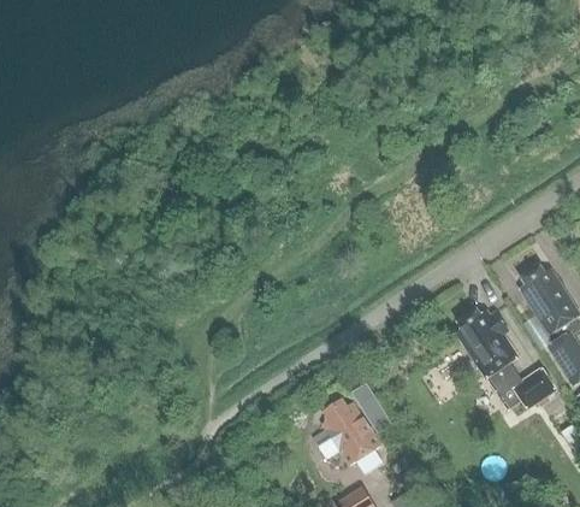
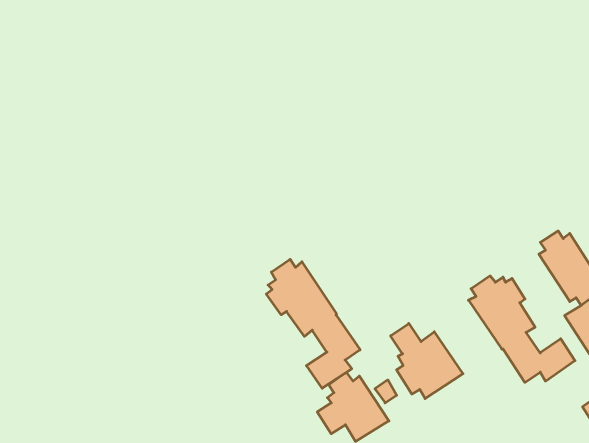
building: none -> [266,259,360,388]
building: none -> [391,323,463,399]

